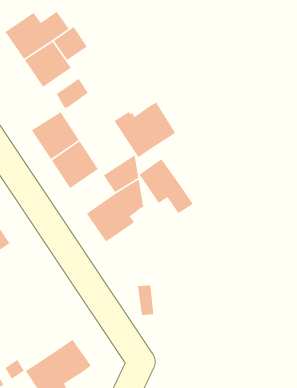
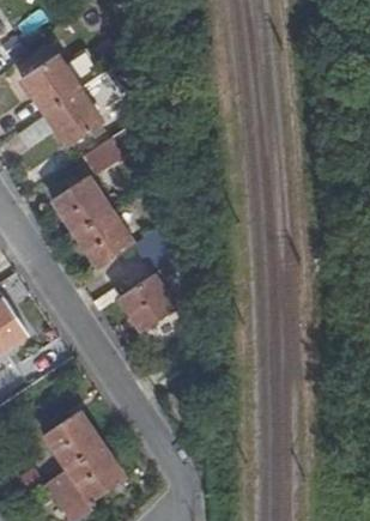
building: [114,102,176,158] -> none
building: [138,158,194,214] -> none
building: none -> [43,412,101,471]

